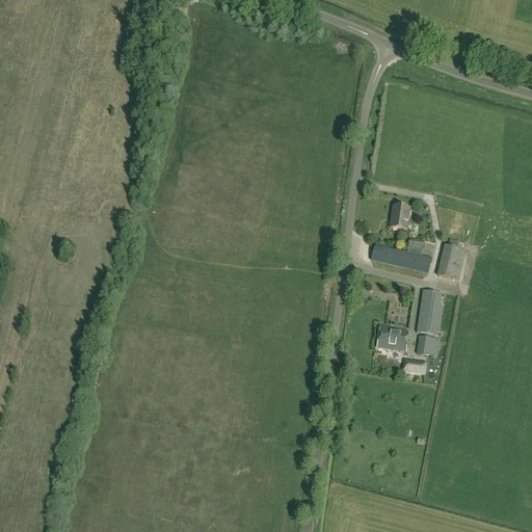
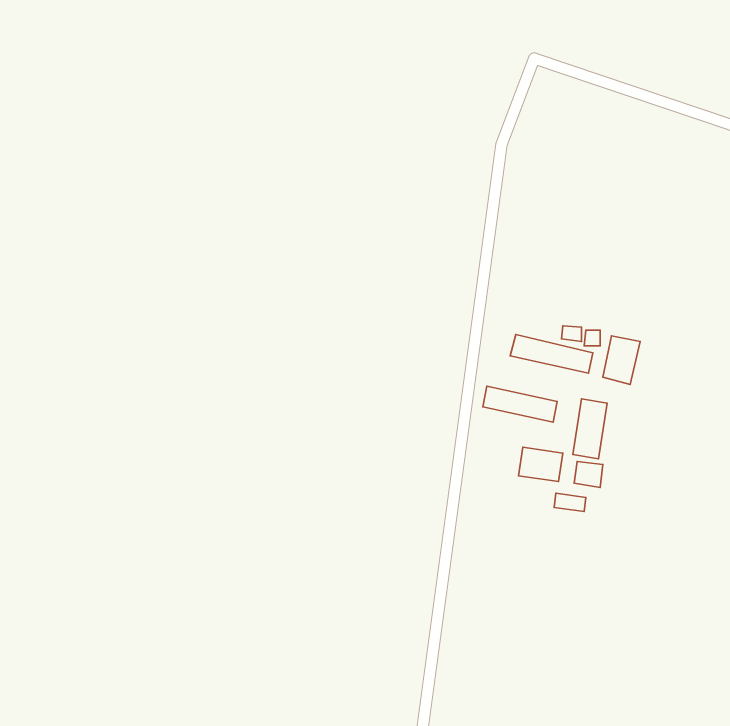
building: [391,204,410,229] -> none
building: none -> [483,386,557,422]

